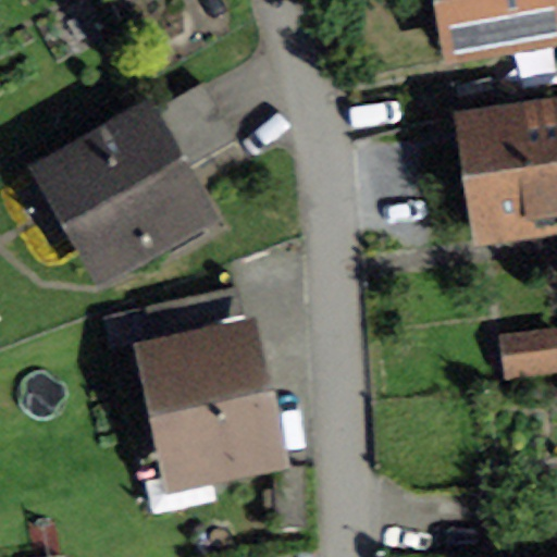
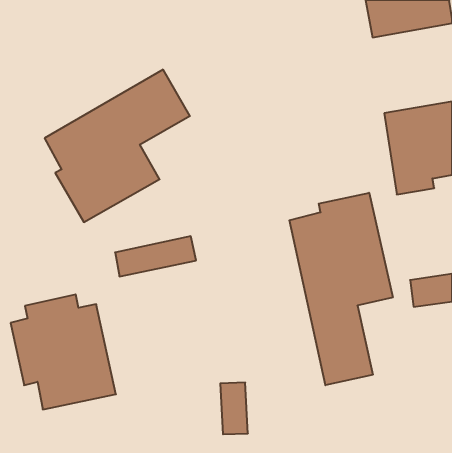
building: none -> [289,193,393,385]
building: [137,336,265,476] -> [11,294,116,409]

